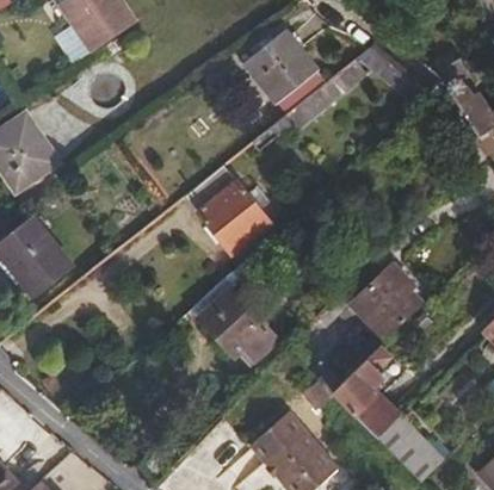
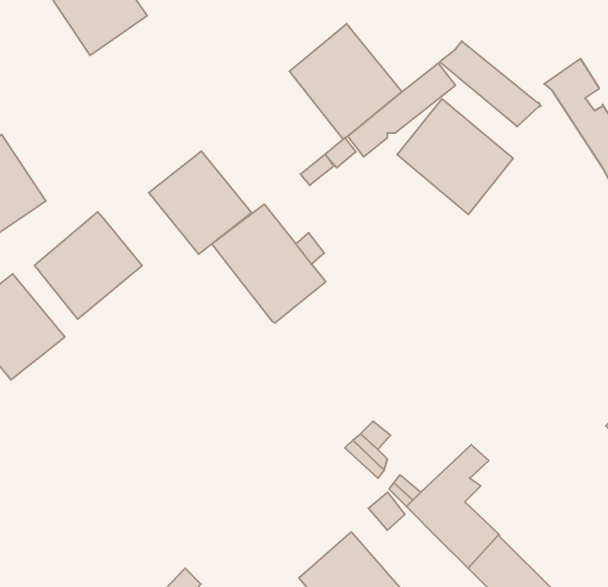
building: none -> [397,99,513,214]
building: none -> [149,151,251,254]
building: none -> [35,212,142,319]
building: [190,222,297,364] -> none
building: [352,262,424,339] -> none

